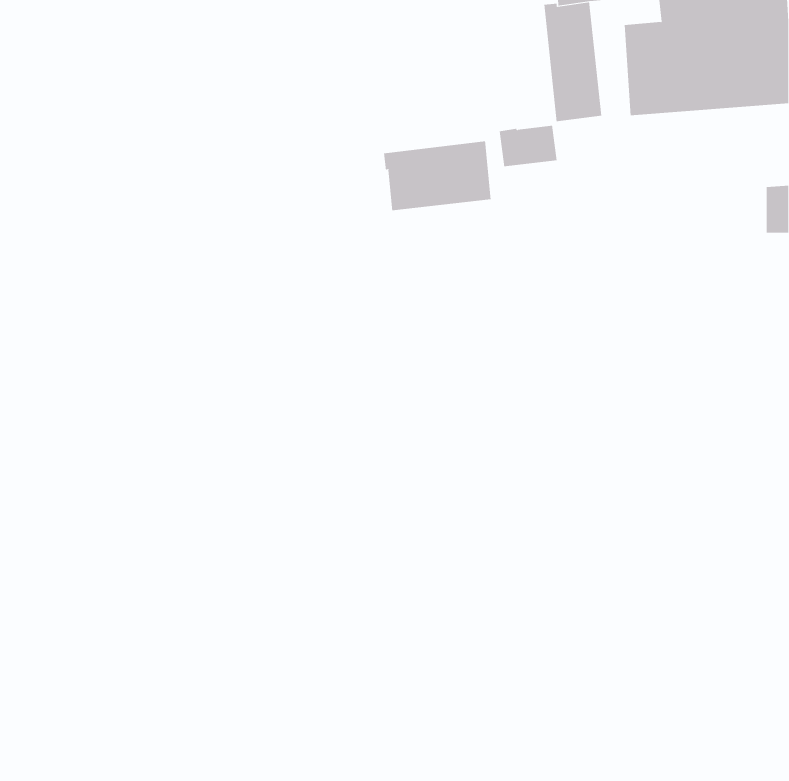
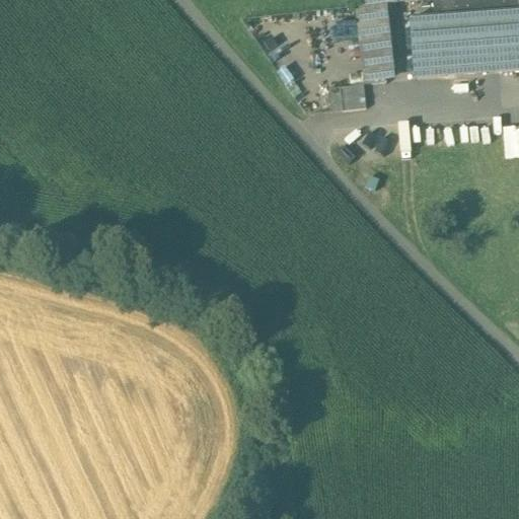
building: [383,141,491,211] -> none

